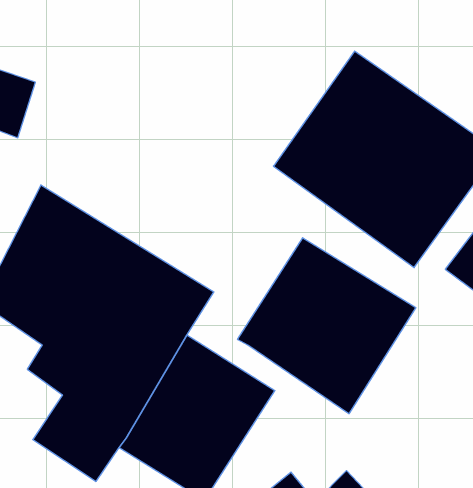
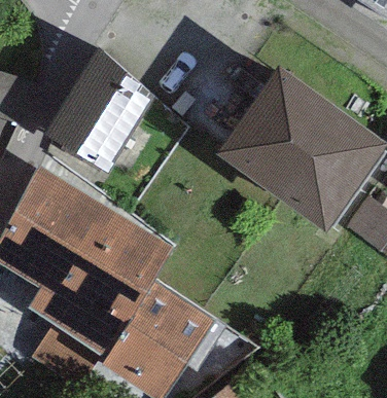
building: none -> [46,46,153,171]
building: [238,238,416,414] -> none

